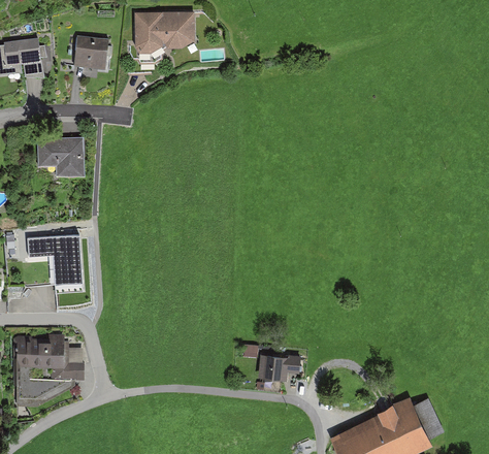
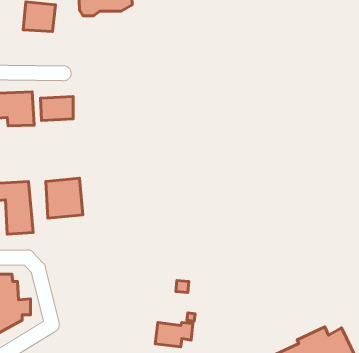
building: none -> [41,96,73,121]
building: none -> [46,178,83,218]
building: [259,353,301,380] -> [155,323,193,347]

